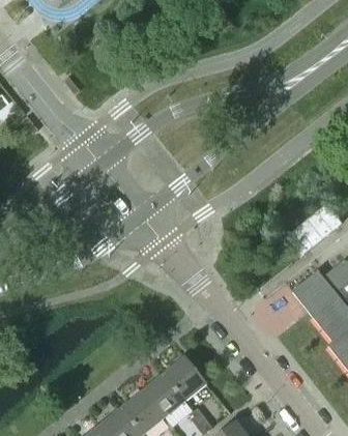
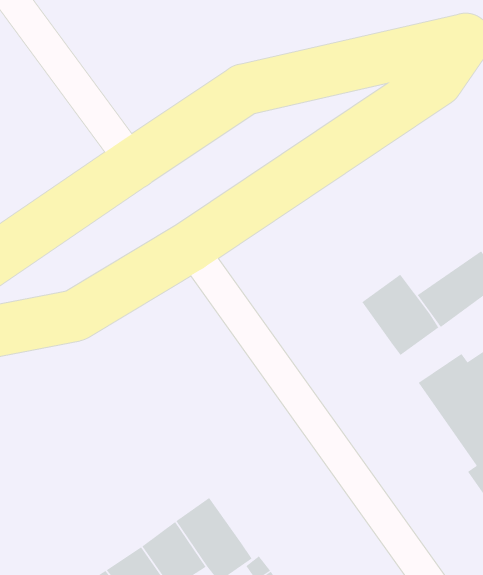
building: none -> [362,274,439,356]
building: [163,356,207,402] -> none

